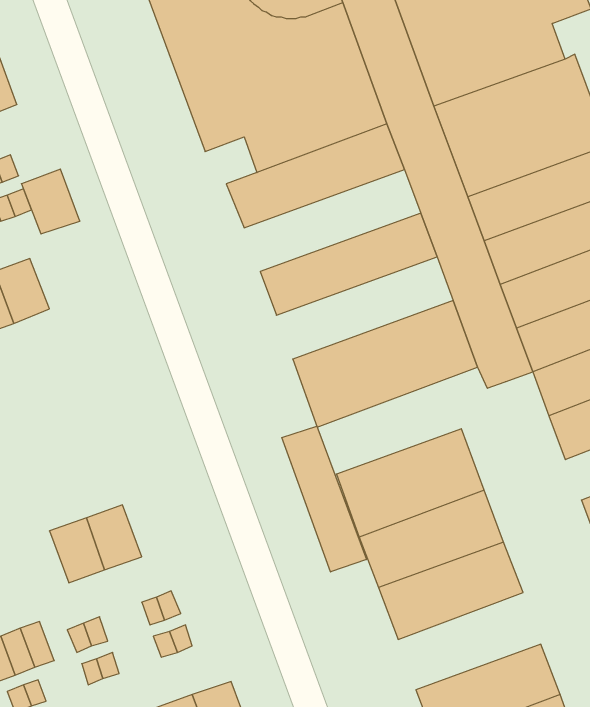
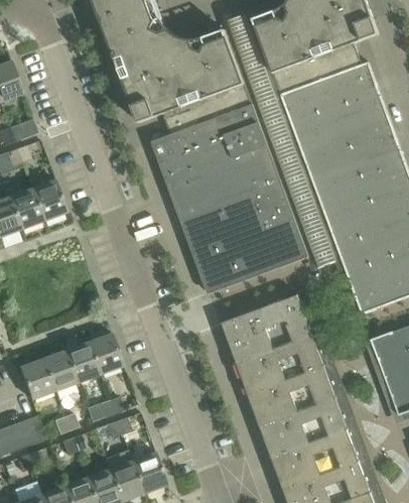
building: [21,169,80,234] -> [30,180,66,221]
building: none -> [163,134,273,198]
building: none -> [183,188,293,252]
building: [282,426,366,572] -> none
building: none -> [88,334,123,375]
building: none -> [19,359,54,400]
building: none -> [259,397,348,458]

